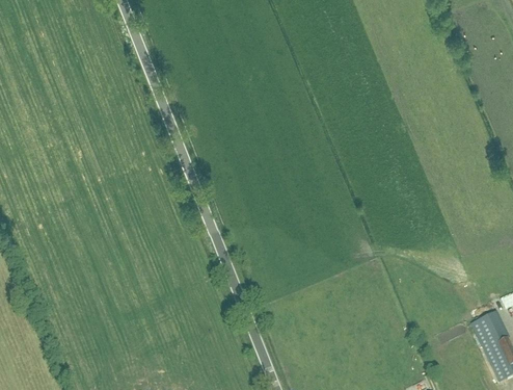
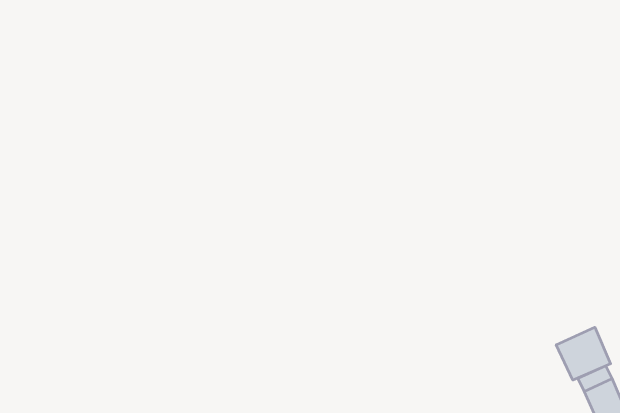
building: none -> [556,327,611,380]

